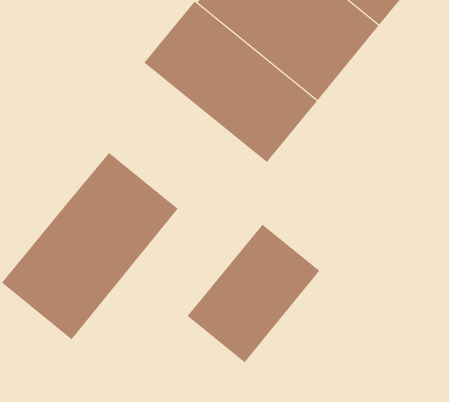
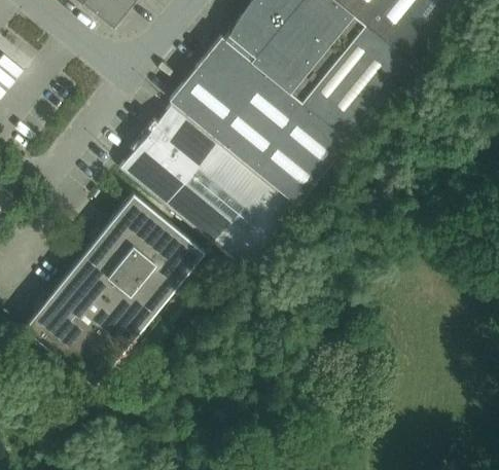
building: none -> [120,103,296,267]
building: [187,224,320,363] -> none

